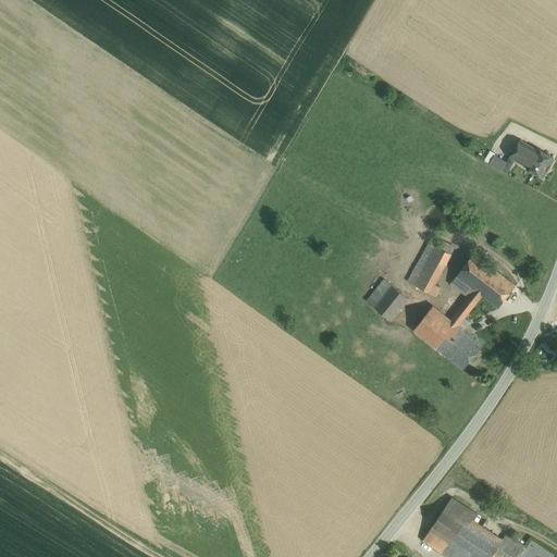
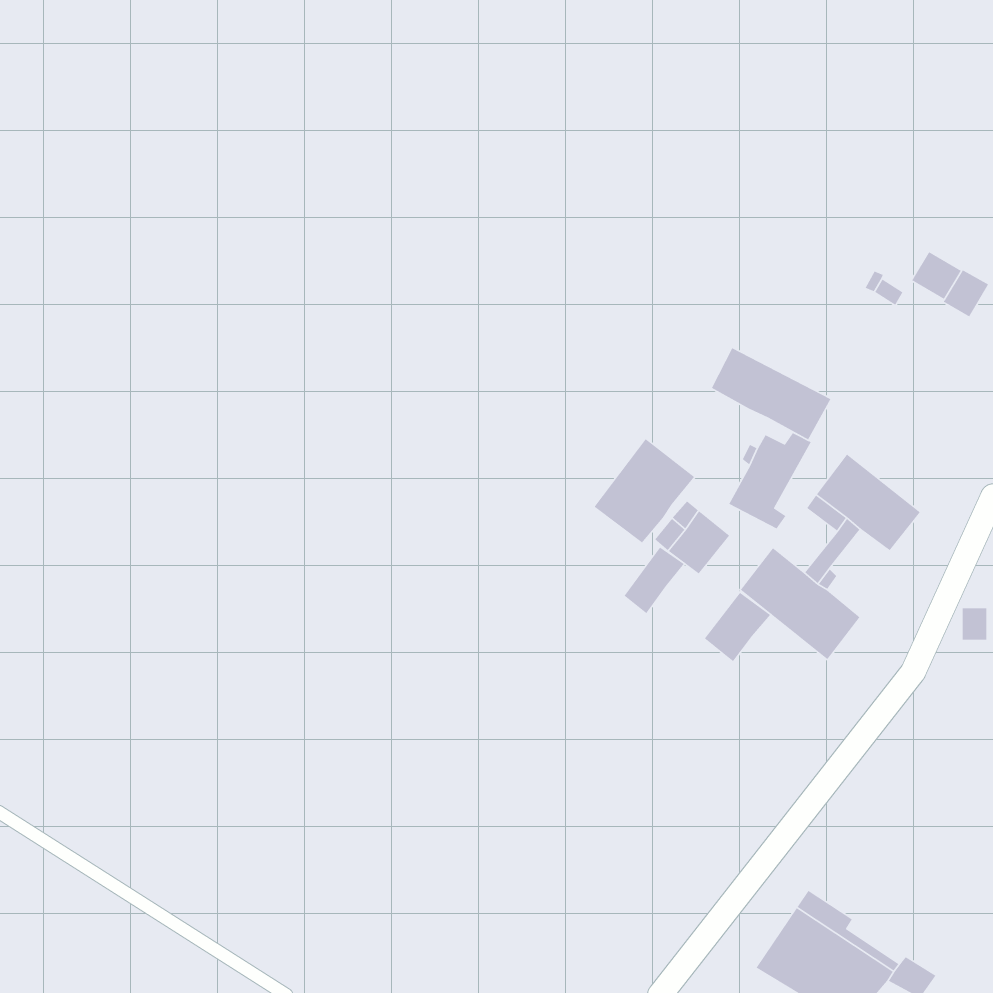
building: none -> [711,347,831,440]
building: none -> [593,438,695,544]
building: none -> [623,547,685,614]
building: none -> [704,592,771,662]

